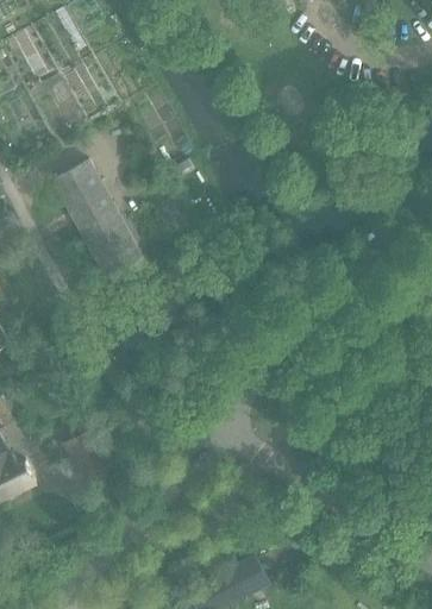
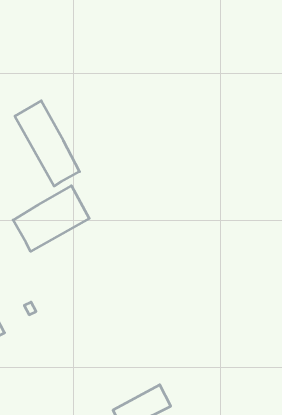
building: none -> [13,186,89,251]

